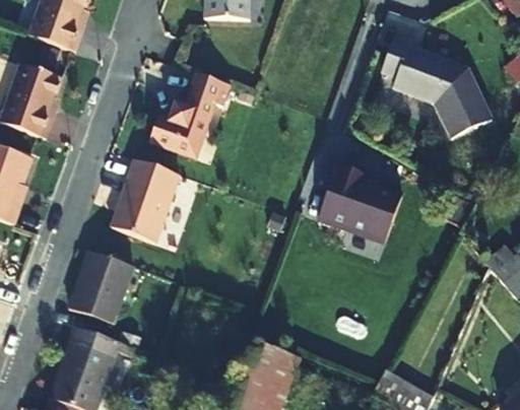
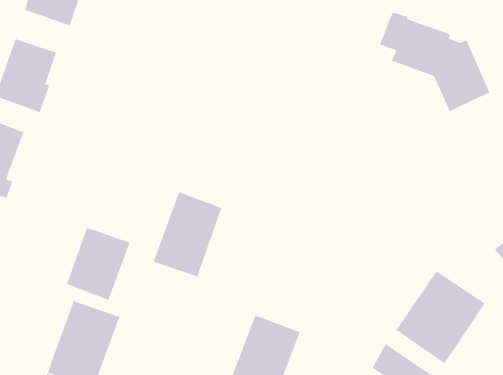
building: [148,73,230,157] -> none
building: [108,158,177,244] -> [153,192,222,277]
building: [321,164,404,243] -> none
building: none -> [395,271,486,364]

